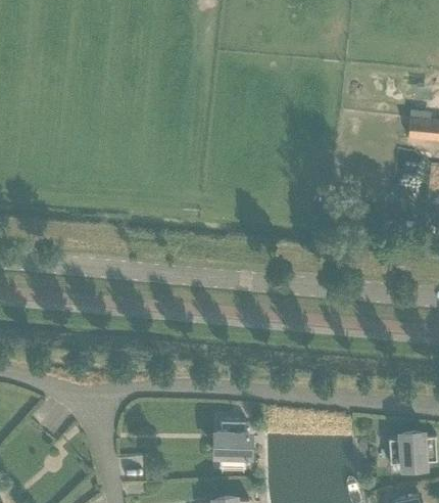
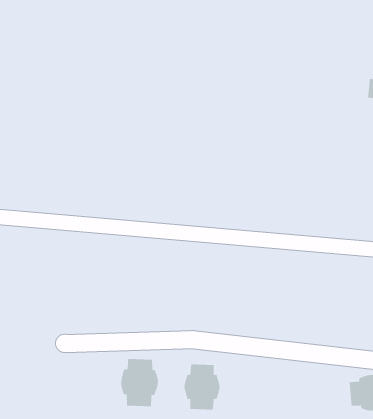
building: none -> [121,358,158,407]

